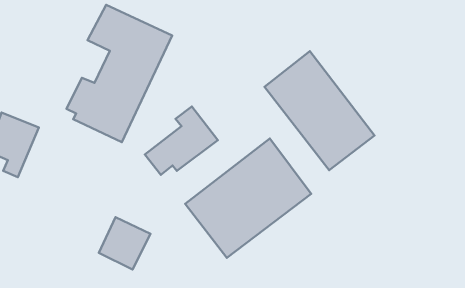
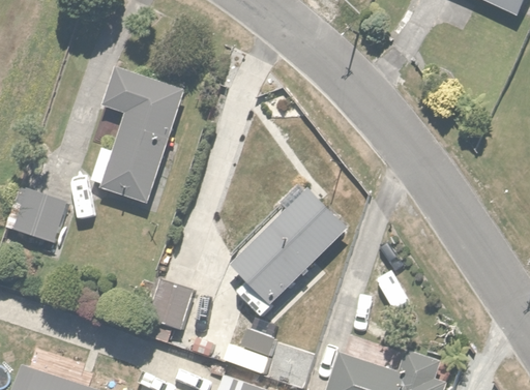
building: [264,51,375,170] -> none
building: [145,106,218,175] -> none

